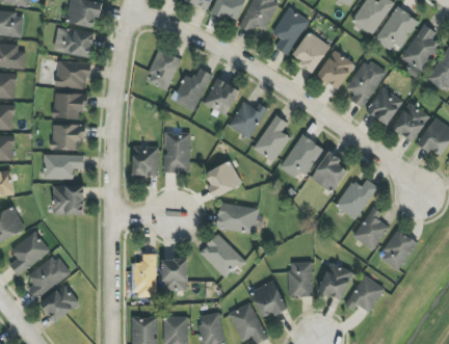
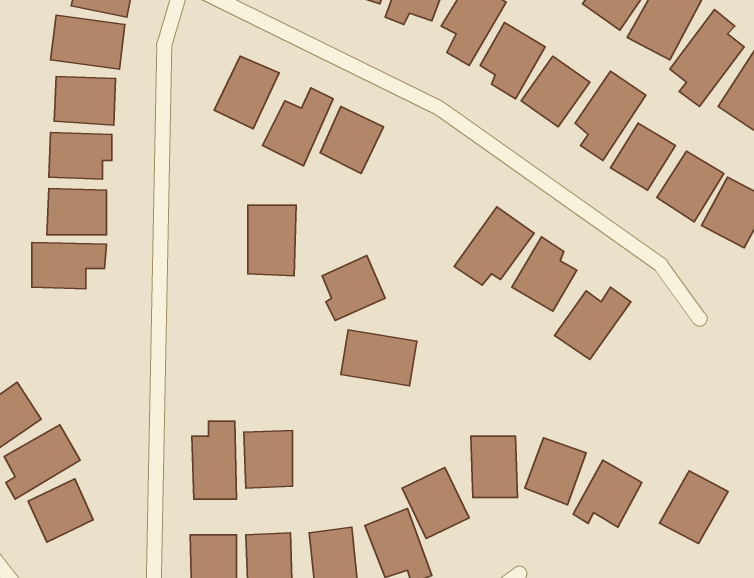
building: [229,102,266,138] -> none
building: [255,114,288,161] -> none
building: [132,147,158,176] -> none
building: [52,185,84,215] -> none
building: [352,207,389,250] -> none
building: [378,230,417,270] -> [659,471,728,544]
building: [199,233,243,279] -> none

